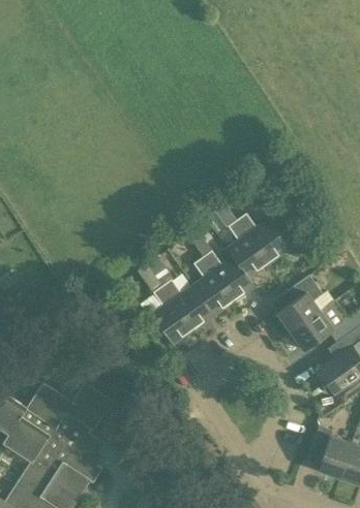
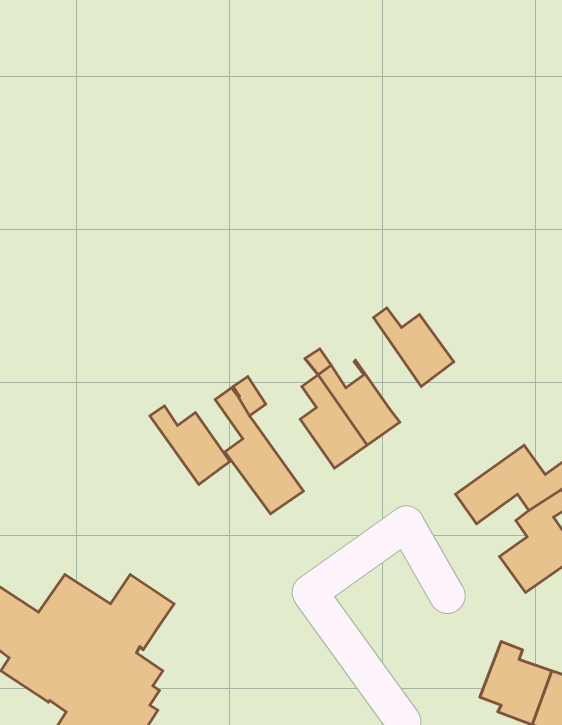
building: [228,220,269,278] -> none
building: [271,275,334,331] -> none
building: [163,280,214,329] -> [150,406,230,484]

